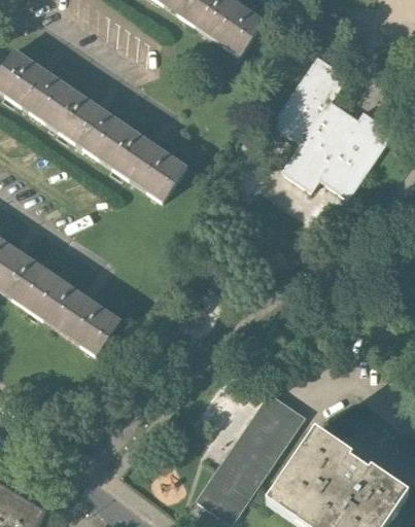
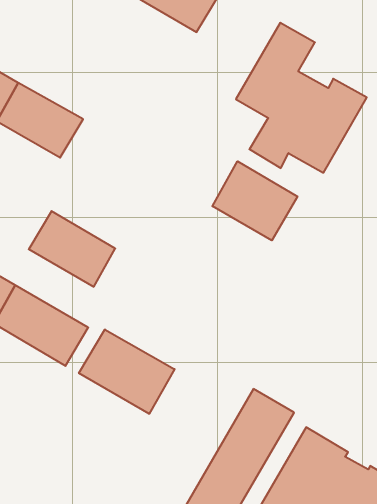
building: [106,129,186,202] -> [29,211,115,287]
building: none -> [212,161,297,240]
building: none -> [79,329,175,414]

